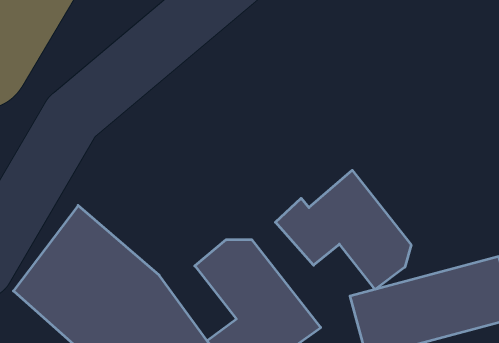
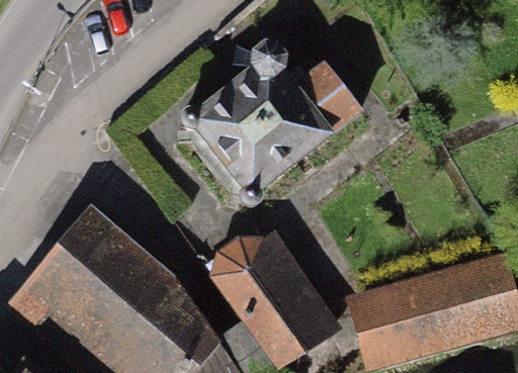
building: none -> [182,53,353,202]
building: [275,170,411,289] -> none

